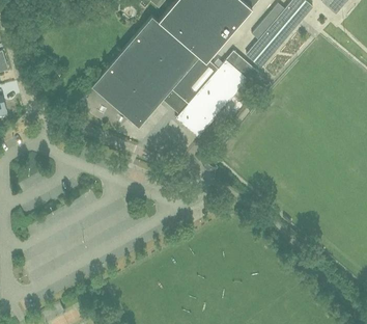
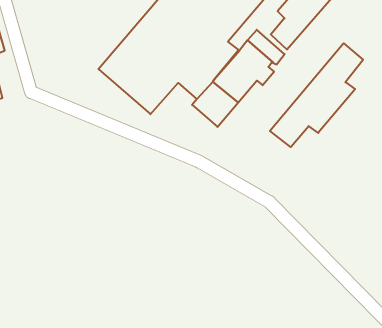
building: none -> [270,43,363,147]

